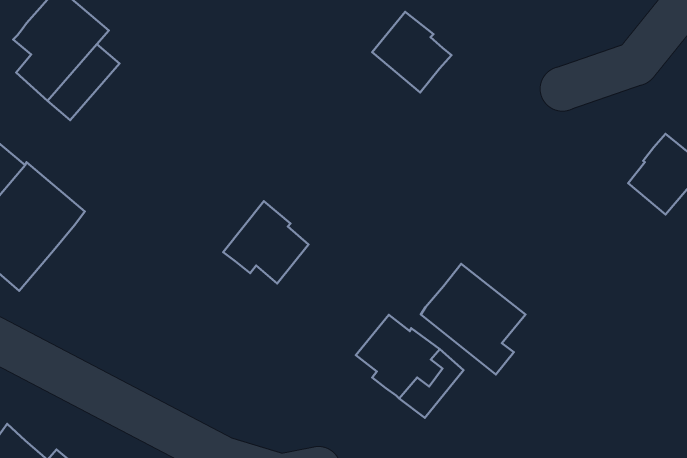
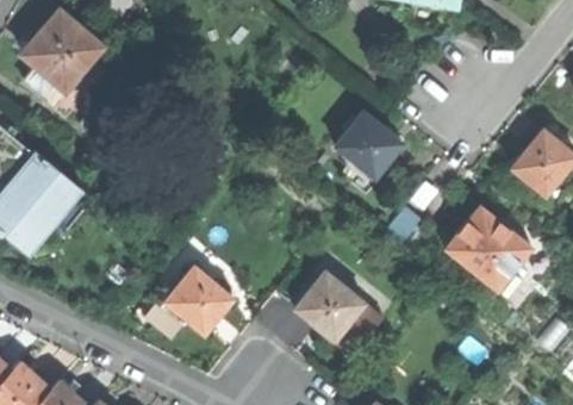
building: [372,12,451,93] -> [337,112,400,176]
building: [223,201,309,283] -> [163,267,231,332]
building: [421,264,526,374] -> [448,207,531,295]

